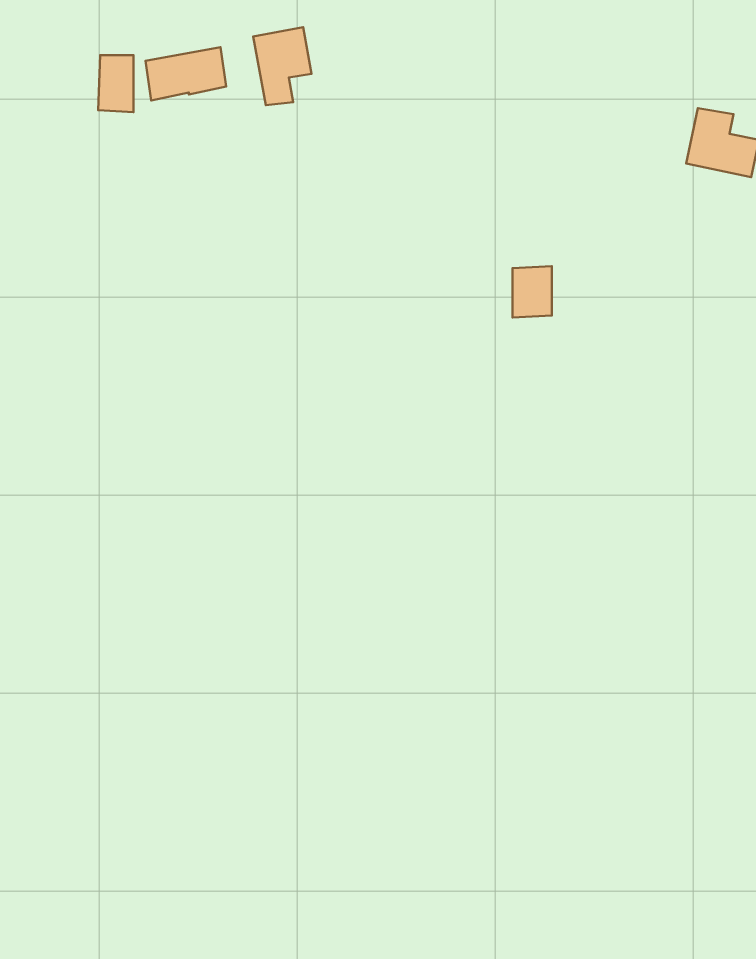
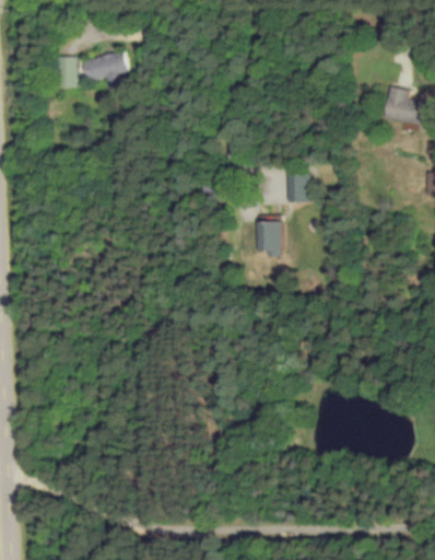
building: [253,27,312,105] -> none
building: none -> [256,220,280,252]

